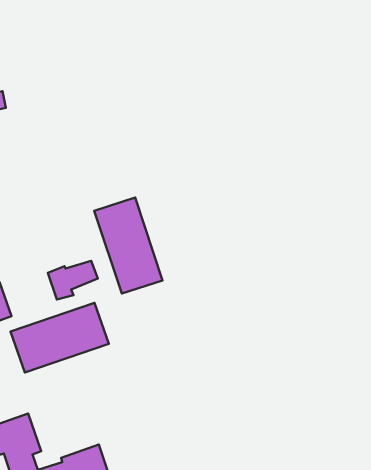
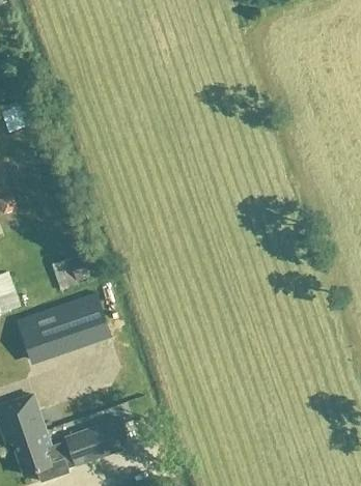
building: [94,198,163,294] -> none

